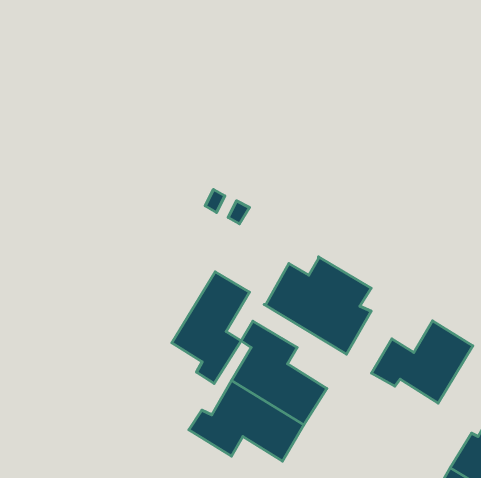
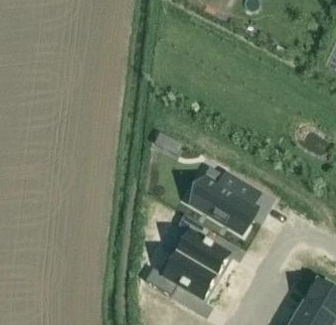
building: [172,272,250,384] -> none
building: [372,321,473,403] -> none

